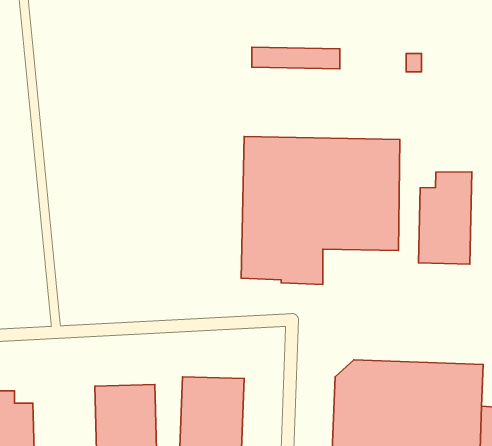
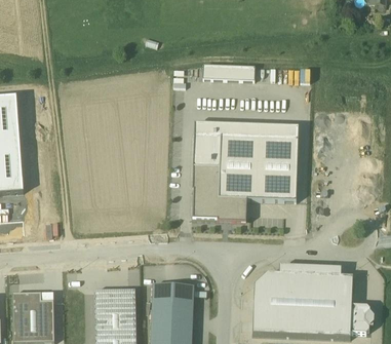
building: [418,172,472,264] -> none

